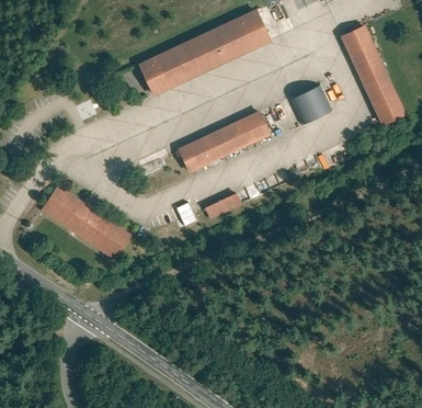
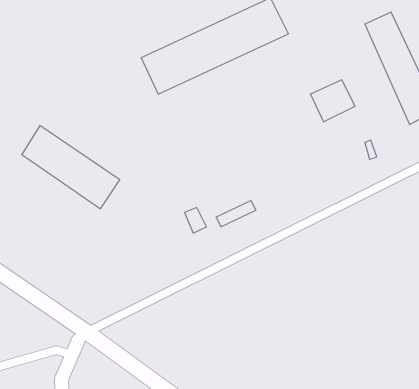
building: [178,111,271,172] -> none
building: [42,182,130,258] -> [22,125,120,209]

